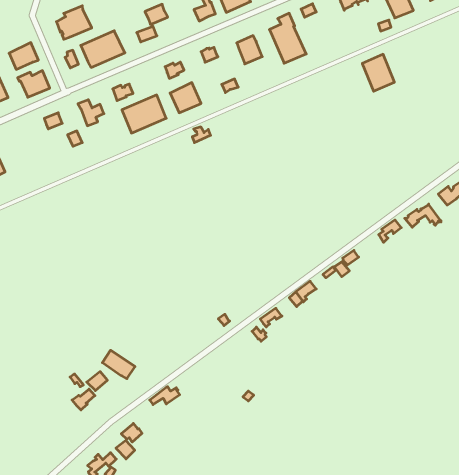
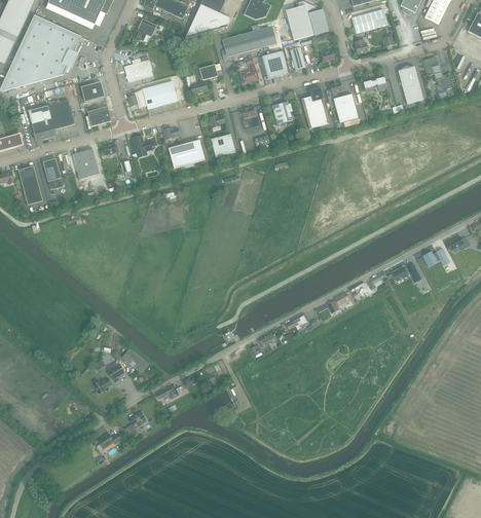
building: [362,54,394,91] -> [333,92,358,122]
building: none -> [73,148,100,179]

